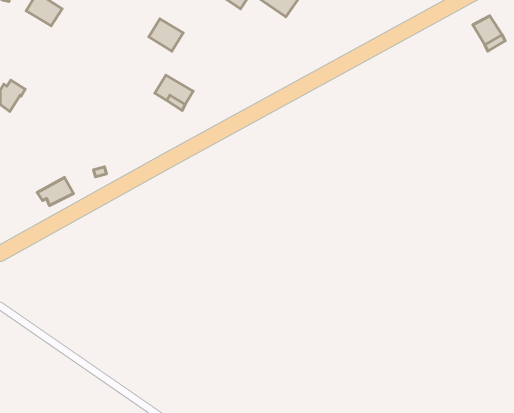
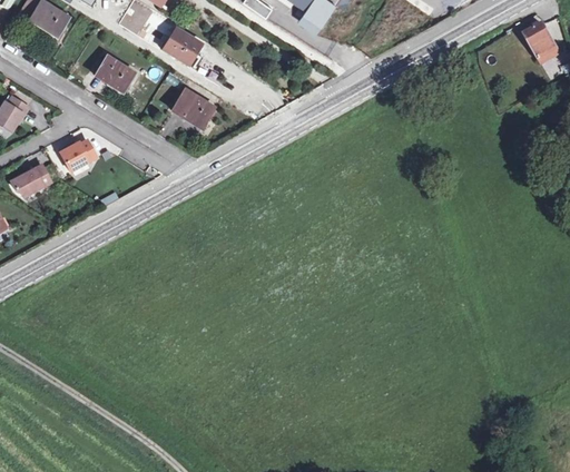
building: none -> [94,57,134,92]
building: none -> [60,139,97,170]
building: [37,177,74,206] -> [11,164,51,195]

